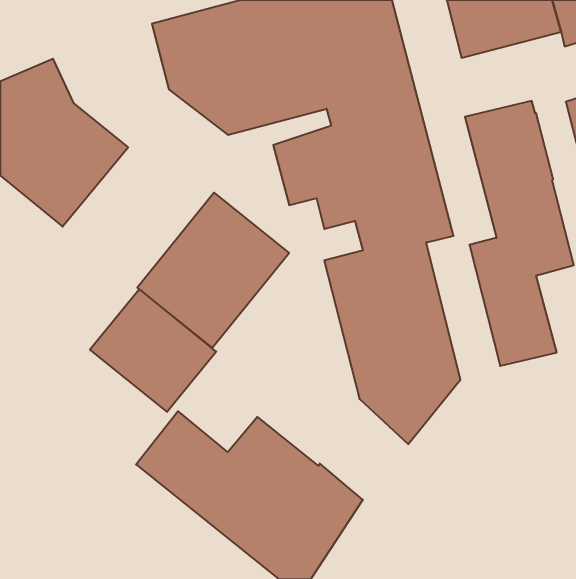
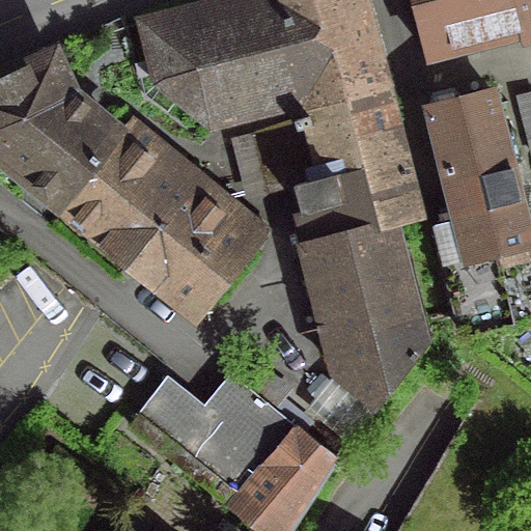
building: none -> [60,121,199,263]
building: [90,289,216,412] -> none

